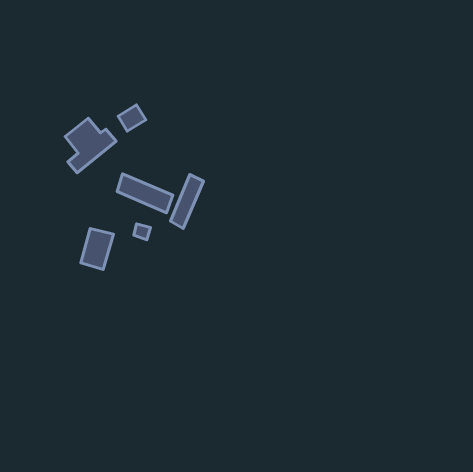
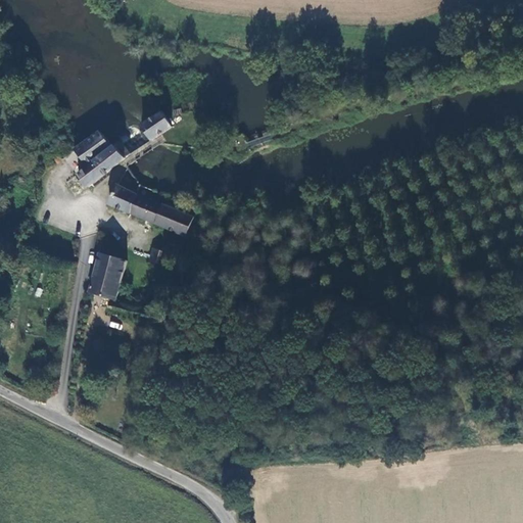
building: none -> [108,183,135,210]
building: [170,175,204,229] -> none

